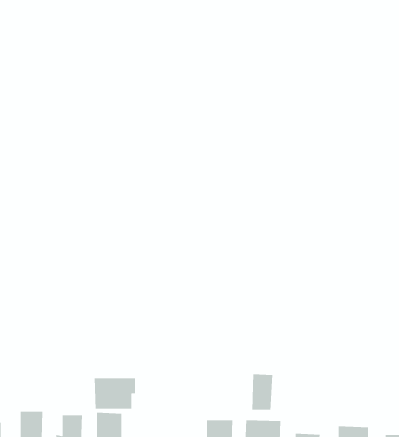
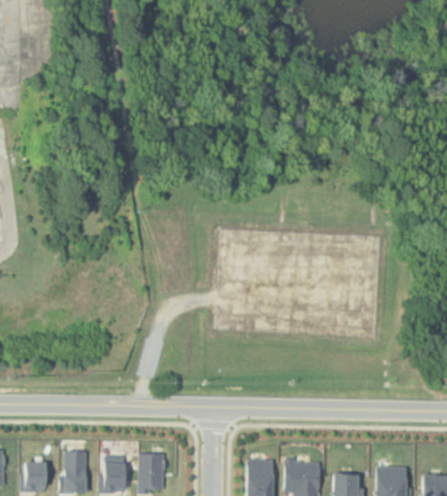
building: [252,373,273,411] -> none
building: [94,378,136,410] -> none

